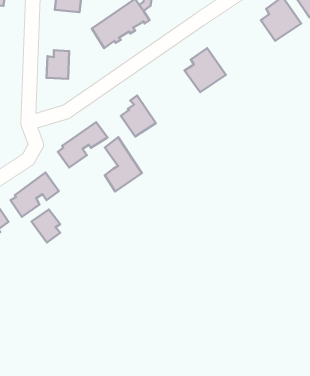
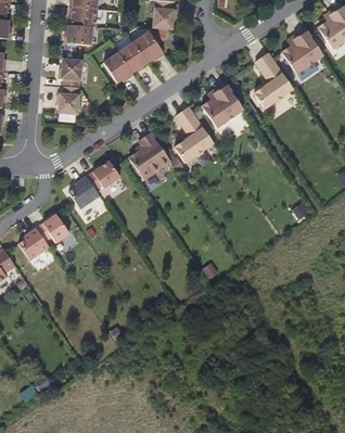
building: none -> [254,53,294,110]
building: none -> [58,55,82,86]
building: [105,137,142,192] -> [175,106,214,164]
building: [32,209,60,243] -> none

